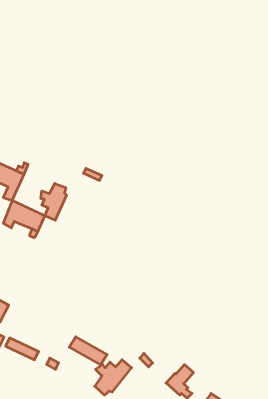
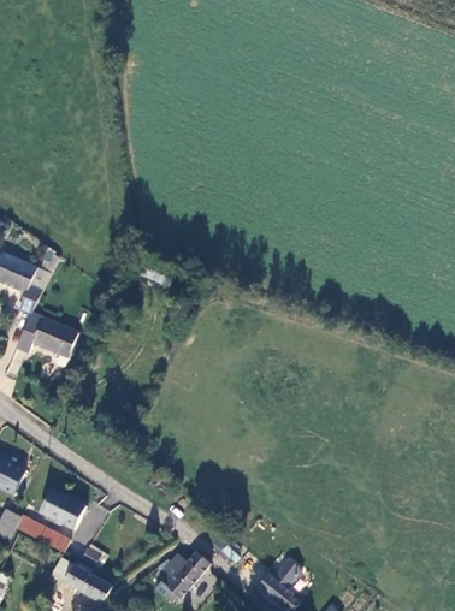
building: [41,183,67,220] -> none
building: none -> [45,487,87,526]
building: [69,337,107,365] -> [55,560,112,603]

